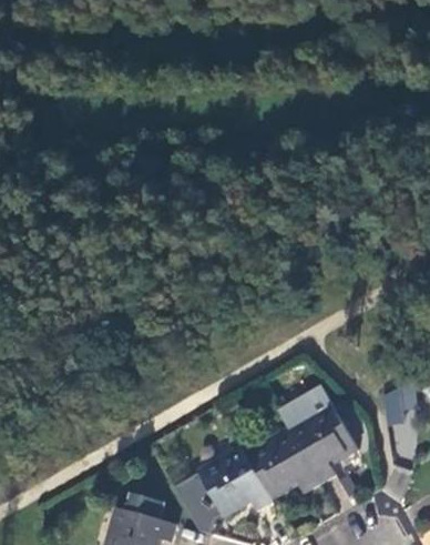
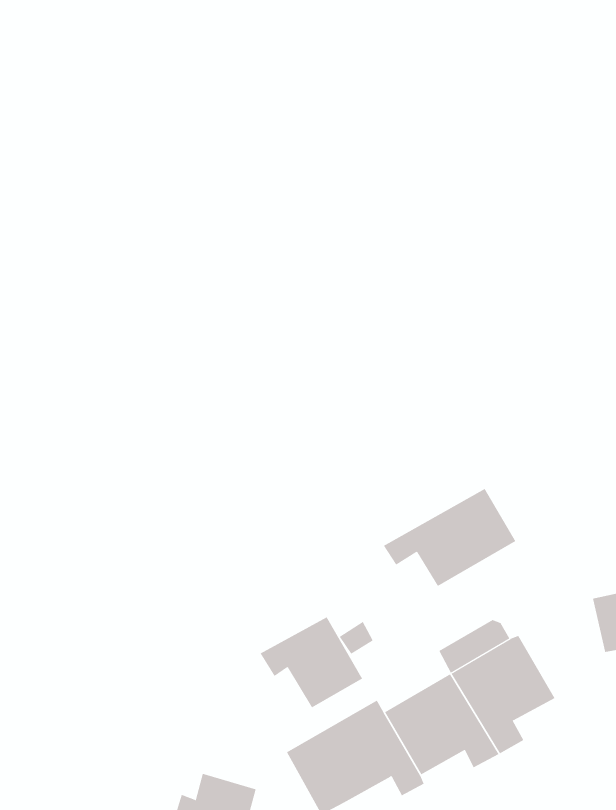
building: none -> [383,488,516,587]
building: none -> [260,616,363,708]

